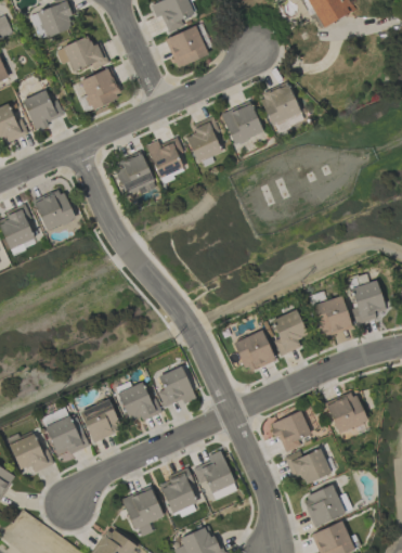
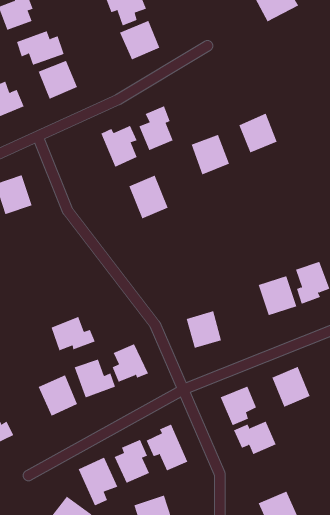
building: [259,83,300,126] -> [239,113,278,153]
building: [221,102,262,145] -> [191,134,230,175]
building: [113,152,155,198] -> [129,175,169,219]
building: [271,310,307,356] -> none
building: none -> [51,316,96,351]
building: [46,414,88,456] -> none
building: [301,485,345,527] -> none

